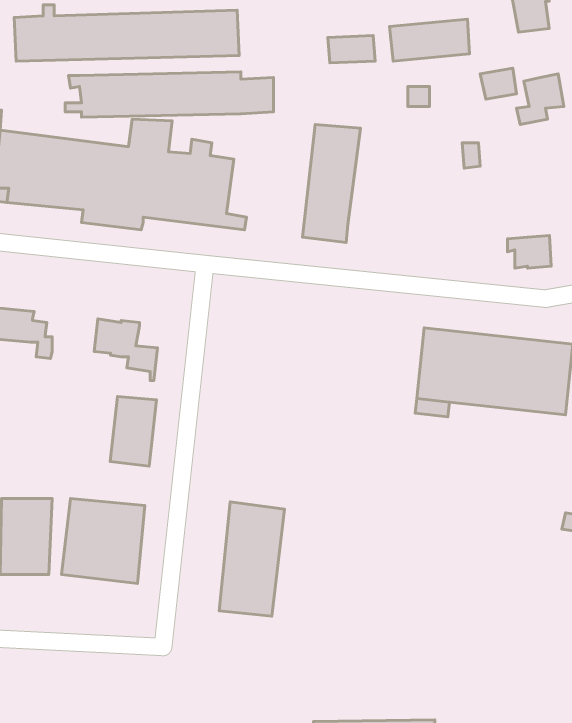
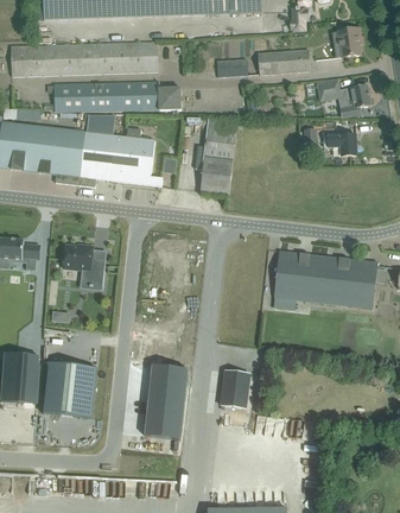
building: [508,235,551,268] -> [328,133,356,154]
building: [110,397,157,466] -> none
building: none -> [220,368,250,407]

